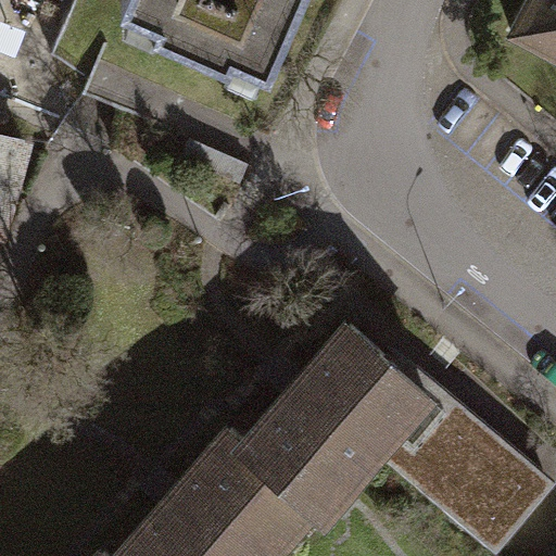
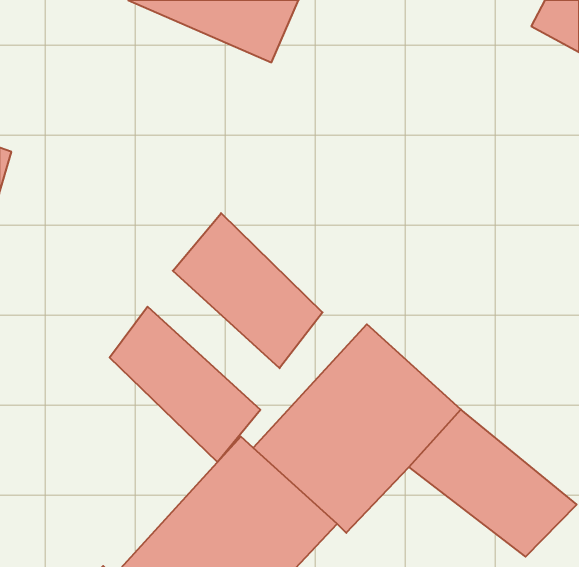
building: none -> [173,213,323,368]
building: none -> [110,307,260,462]

